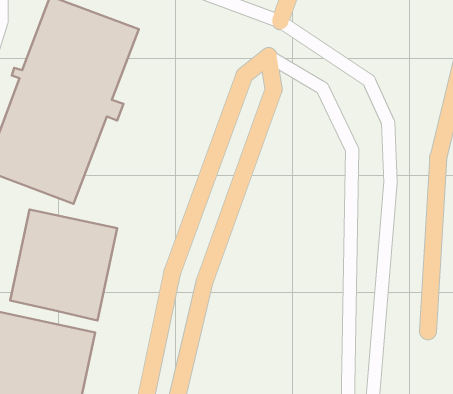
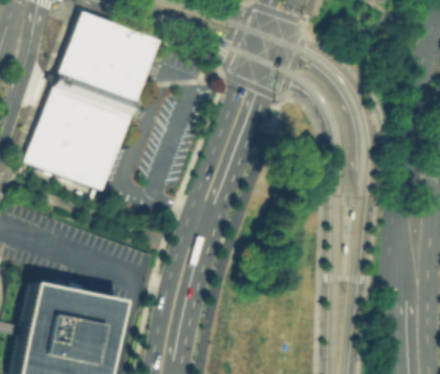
building: [10,210,117,320] -> none

